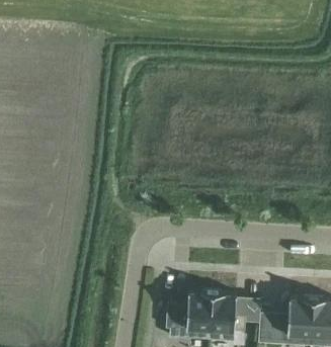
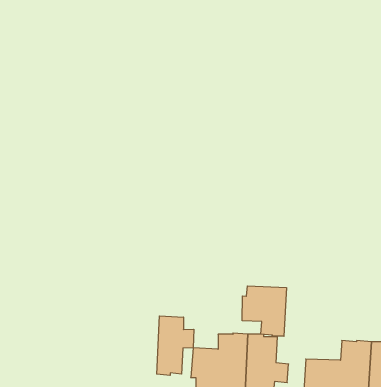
building: none -> [242,286,286,336]
building: none -> [157,316,194,375]

